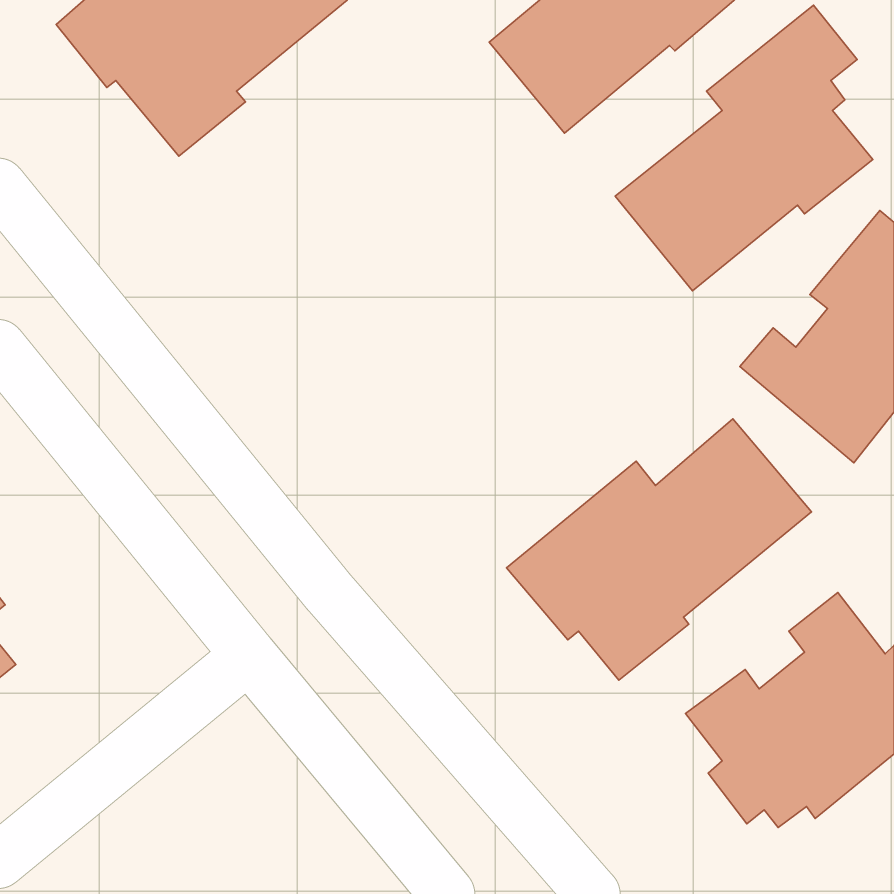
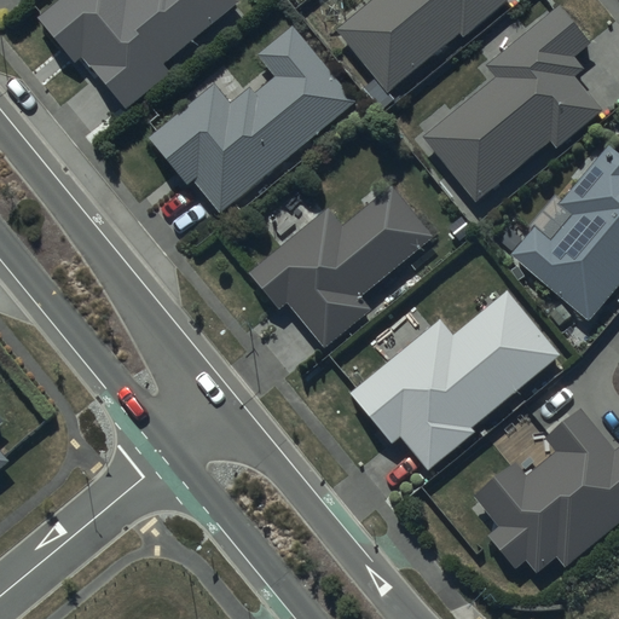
building: none -> [146,24,354,212]
building: none -> [249,185,434,346]

